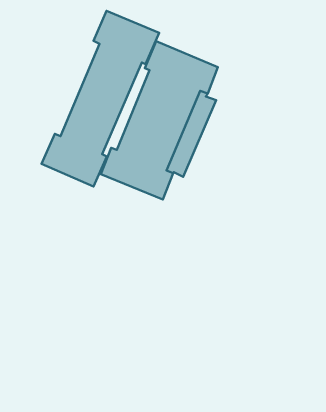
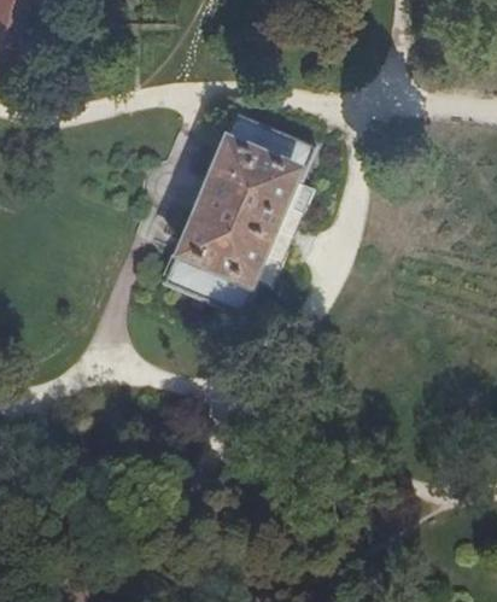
building: [42,11,159,187] -> none

